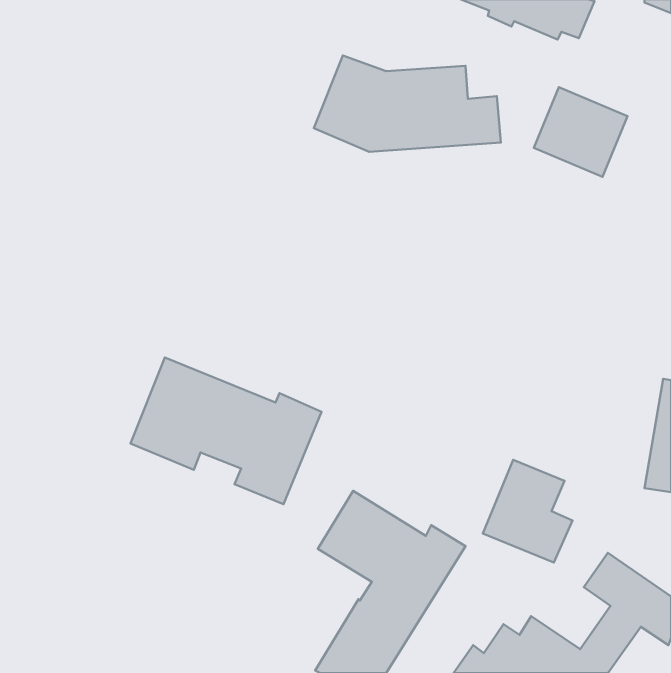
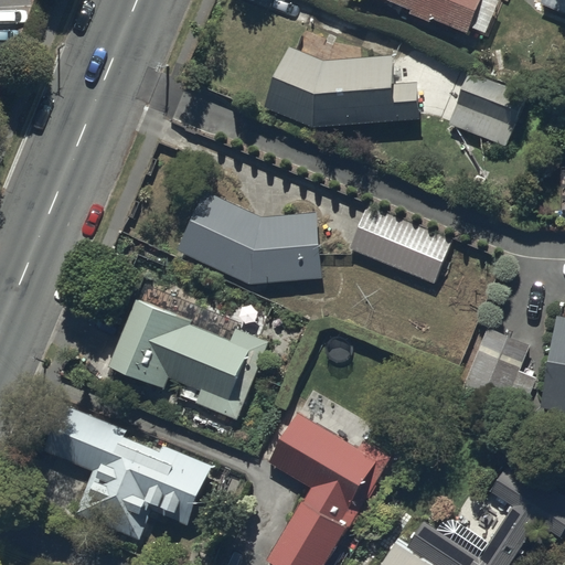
building: none -> [177,193,320,282]
building: none -> [348,205,451,284]
building: [483,460,572,563] -> [460,327,535,413]
building: none -> [42,403,213,539]

